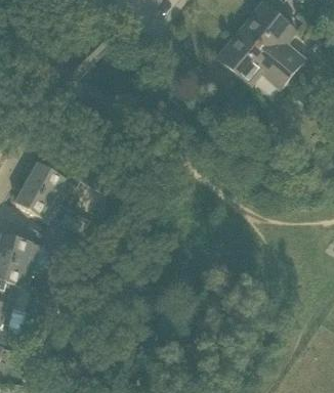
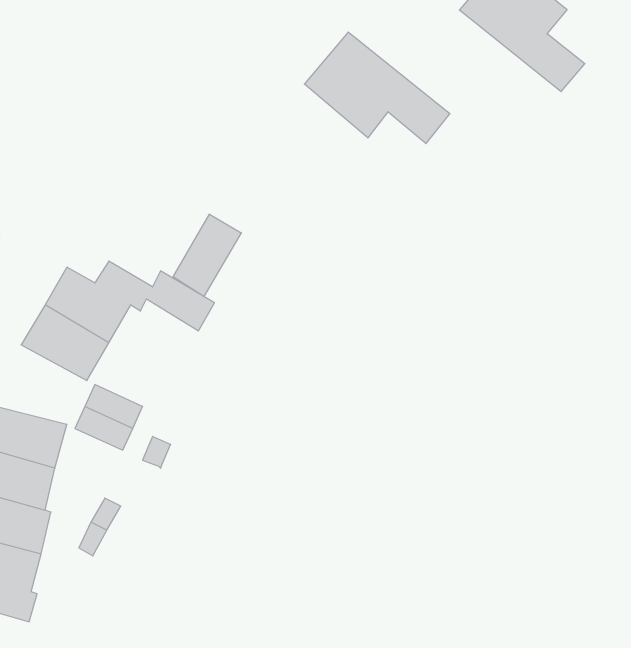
building: [217,31,292,88] -> [304,32,450,144]
building: none -> [173,214,241,297]

